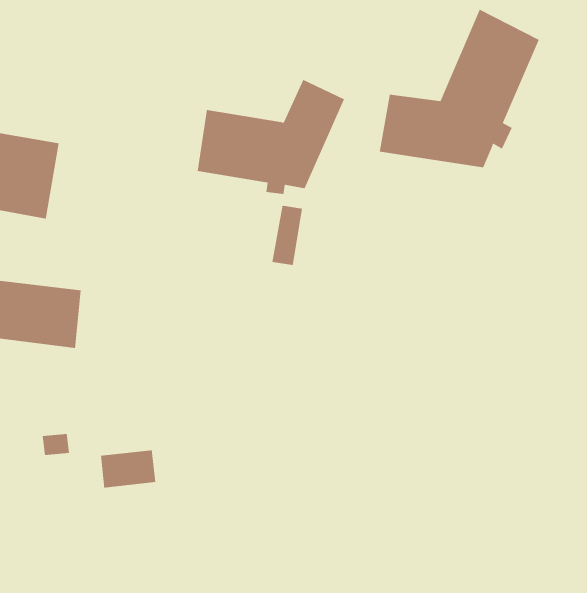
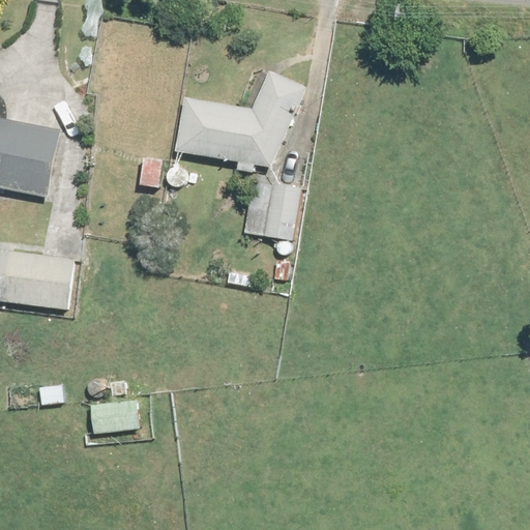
building: [379,9,539,168] -> none
building: none -> [262,183,300,241]

